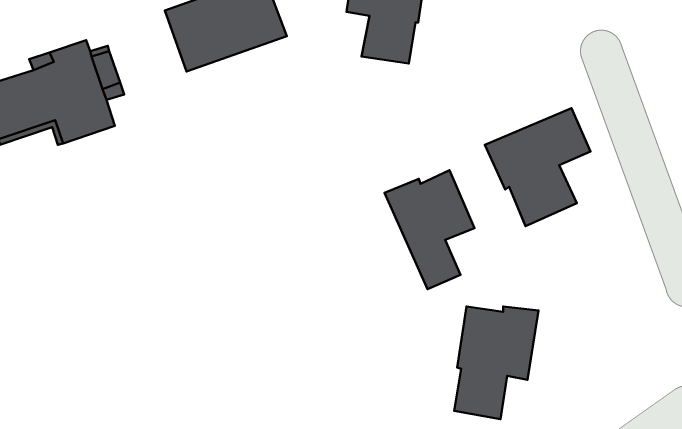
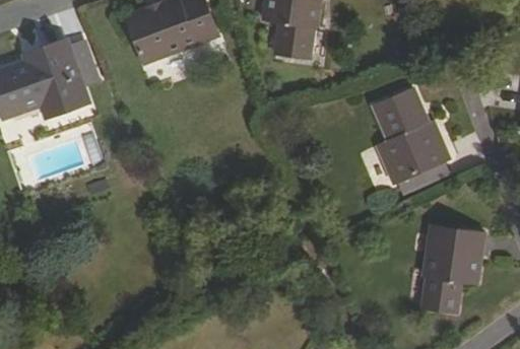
building: [384,170,475,289] -> none
building: [454,306,538,419] -> [420,229,483,313]

